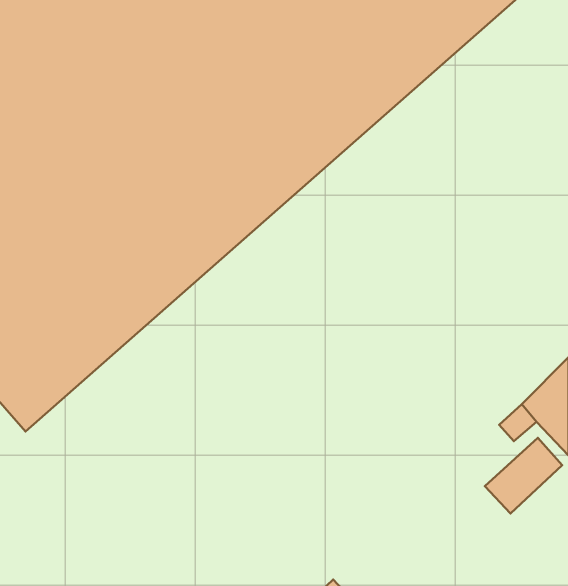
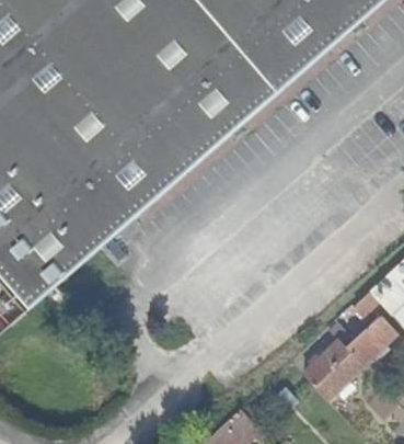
building: none -> [301,338,362,398]

